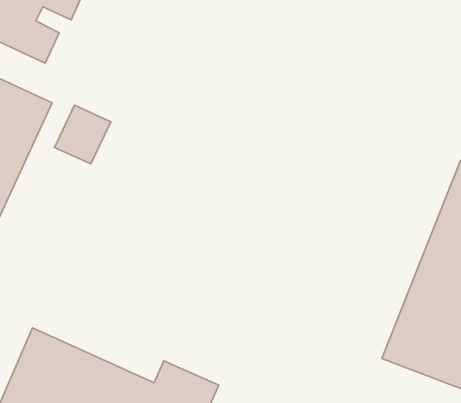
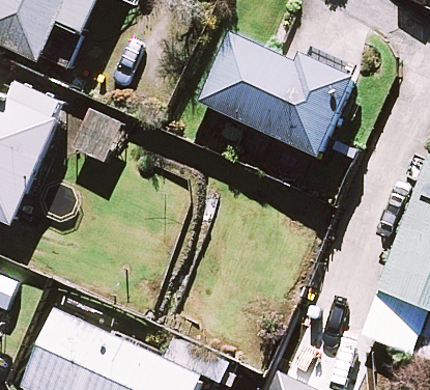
building: none -> [195,31,357,159]

